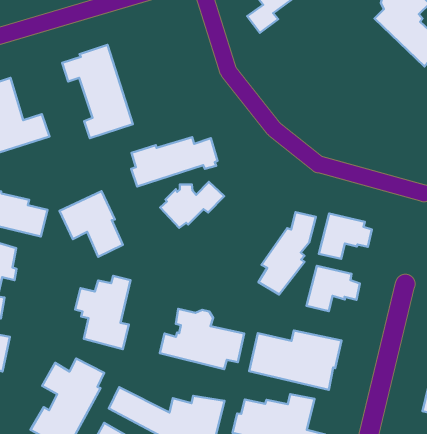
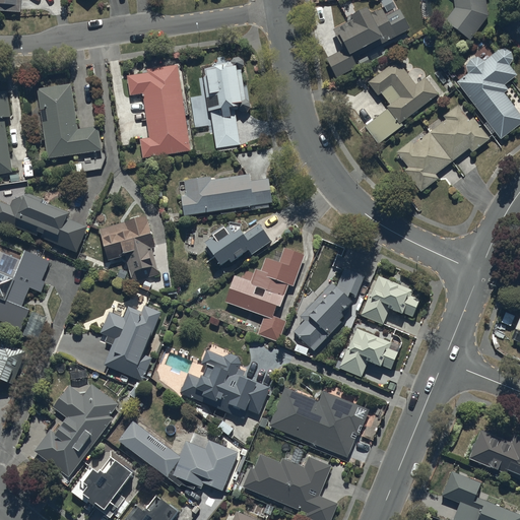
building: none -> [364,61,439,145]
building: none -> [201,56,249,147]
building: none -> [396,104,491,191]
building: none -> [224,248,305,343]

